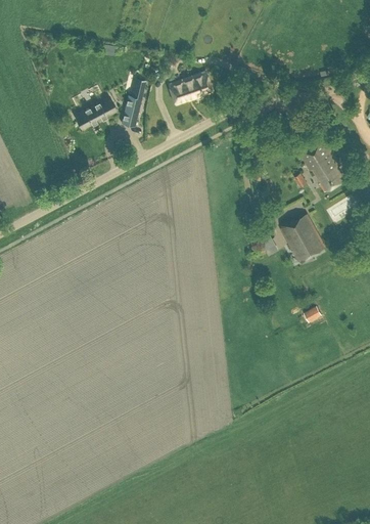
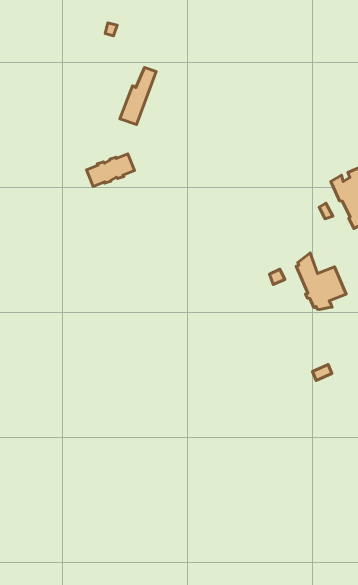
building: [167,73,211,104] -> none
building: [75,98,114,129] -> [86,154,134,187]

